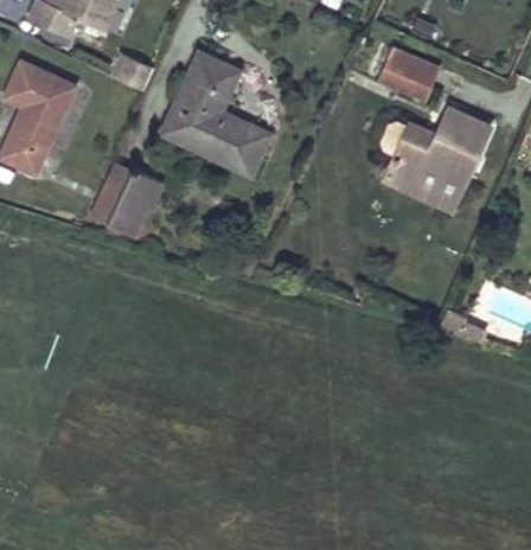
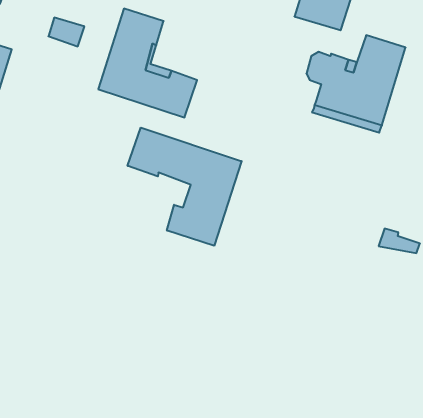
building: [91,165,162,237] -> none
building: none -> [128,128,242,246]

